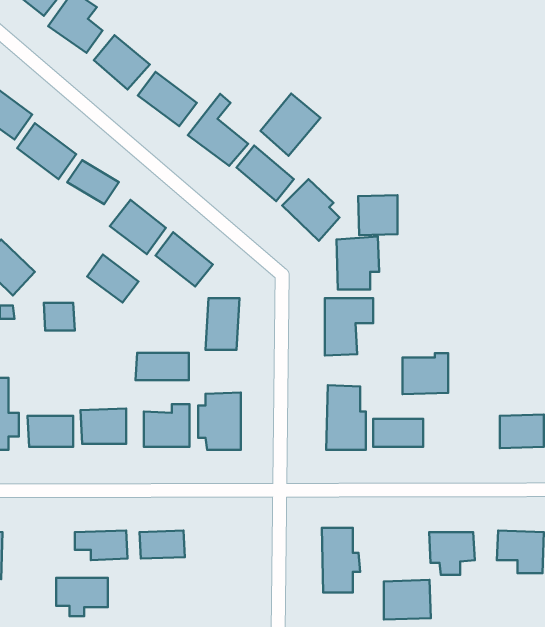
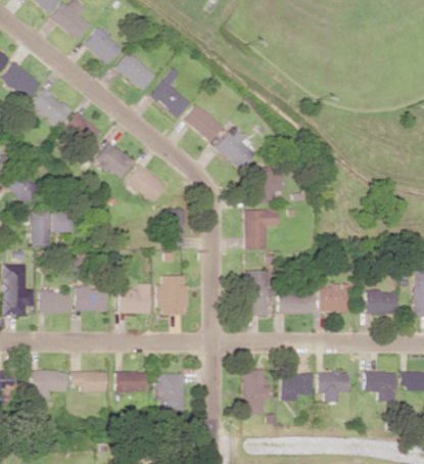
building: [261,93,321,156] -> none
building: [358,195,398,235] -> none
building: [87,254,139,302] -> none
building: none -> [31,215,49,247]
building: [135,353,189,380] -> none
building: [403,353,448,394] -> [319,283,350,312]
building: none -> [156,374,184,411]
building: [56,578,108,616] -> [31,371,66,398]
building: [384,580,431,620] -> [281,372,314,400]

